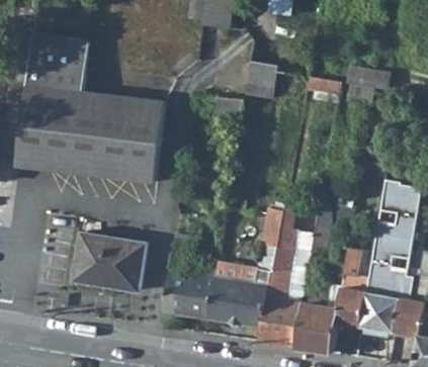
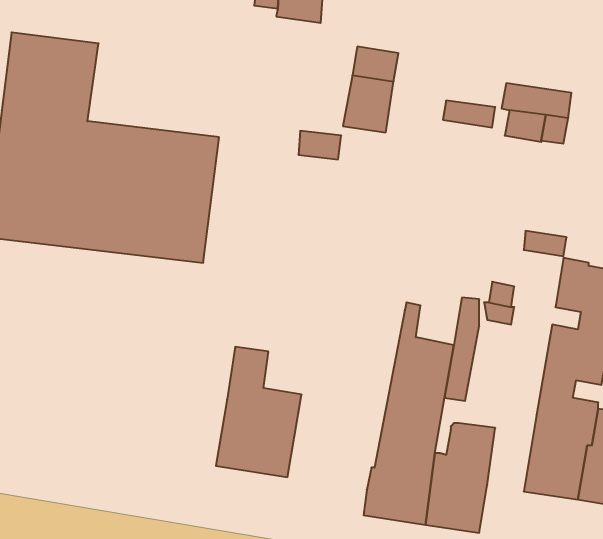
building: [207,209,282,326] -> none
building: [74,234,146,291] -> none
building: [335,248,366,327] -> none

